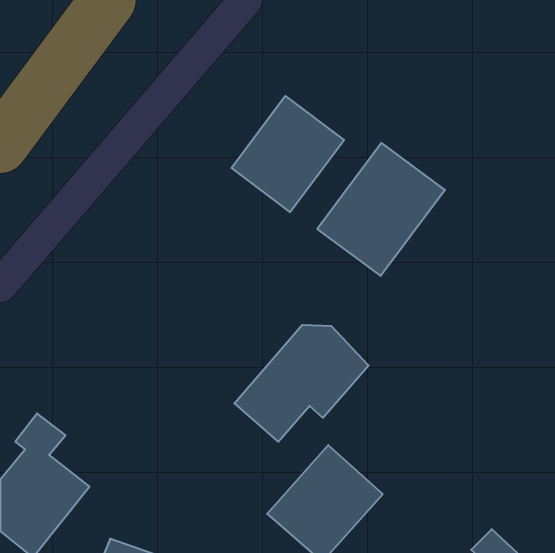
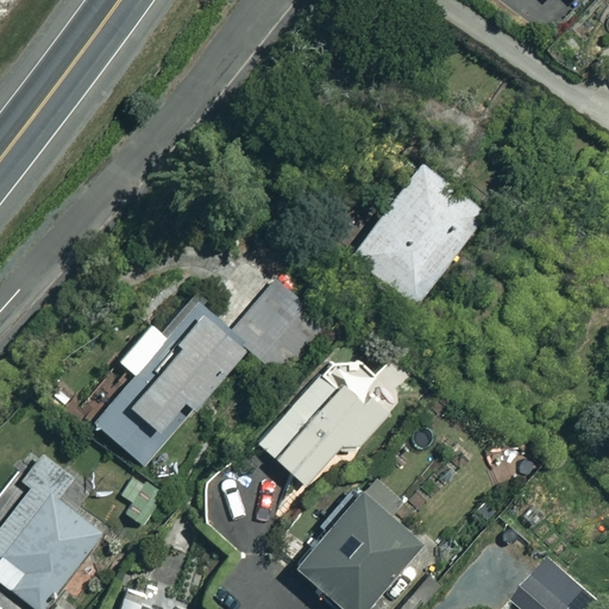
building: [231,96,344,212] -> none
building: none -> [95,278,333,467]

